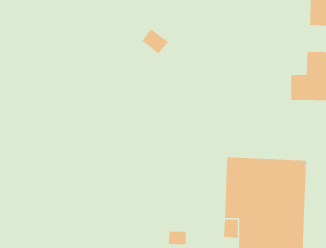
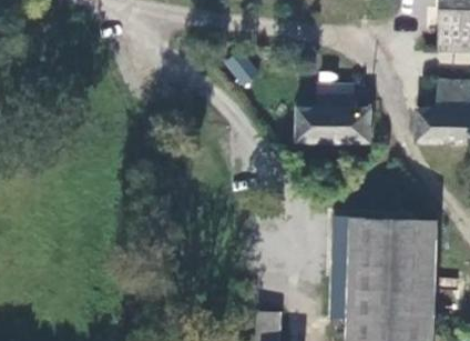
building: none -> [297,86,372,142]

